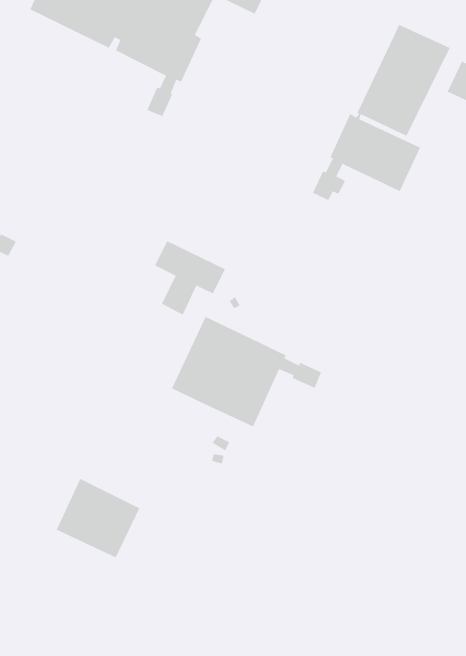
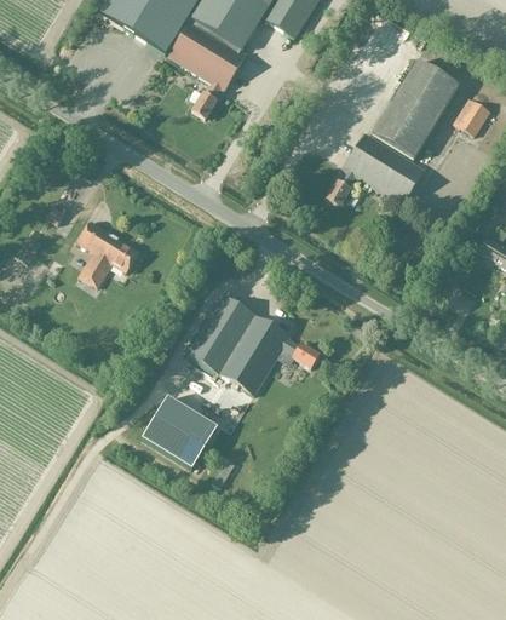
building: [154,240,226,316] -> [77,219,139,286]
building: [56,478,140,558] -> [142,395,217,467]

